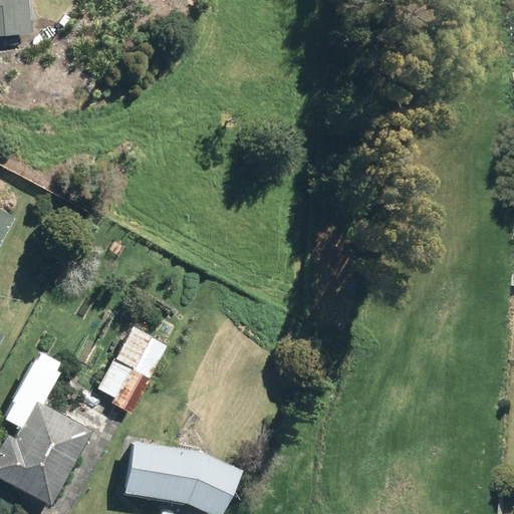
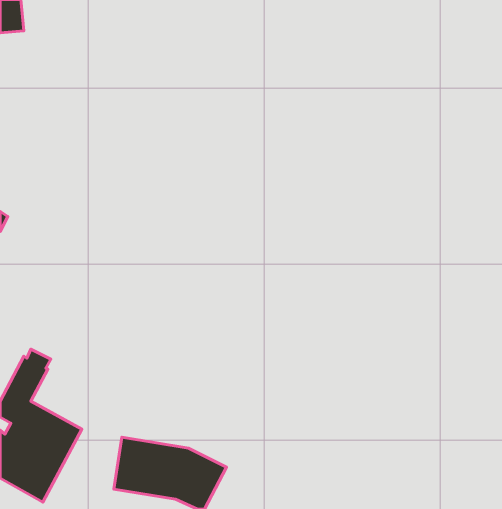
building: [100,326,171,413] -> none

